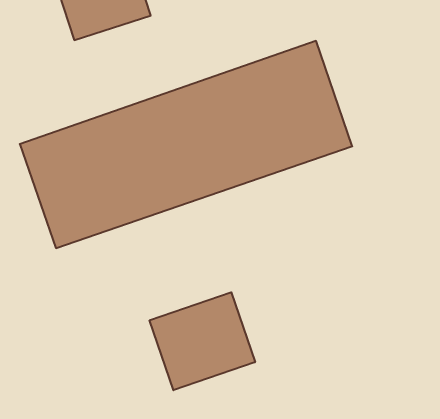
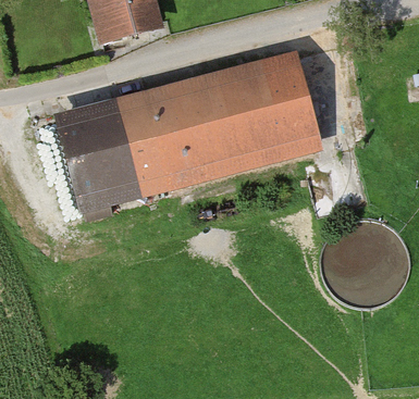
building: [150,292,255,390] -> none

